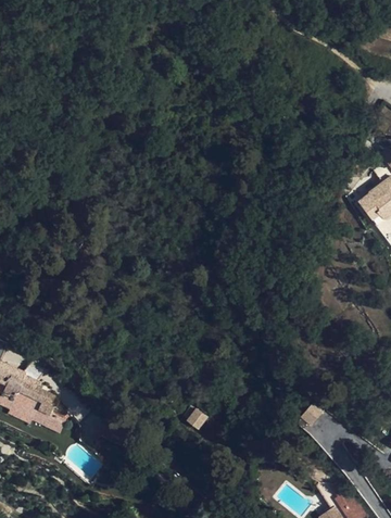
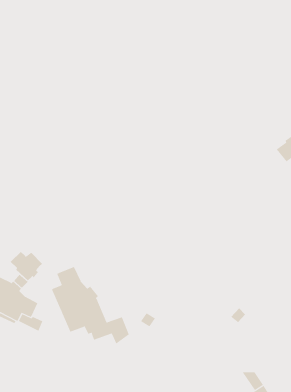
building: none -> [10,251,43,281]
building: none -> [52,266,130,344]

